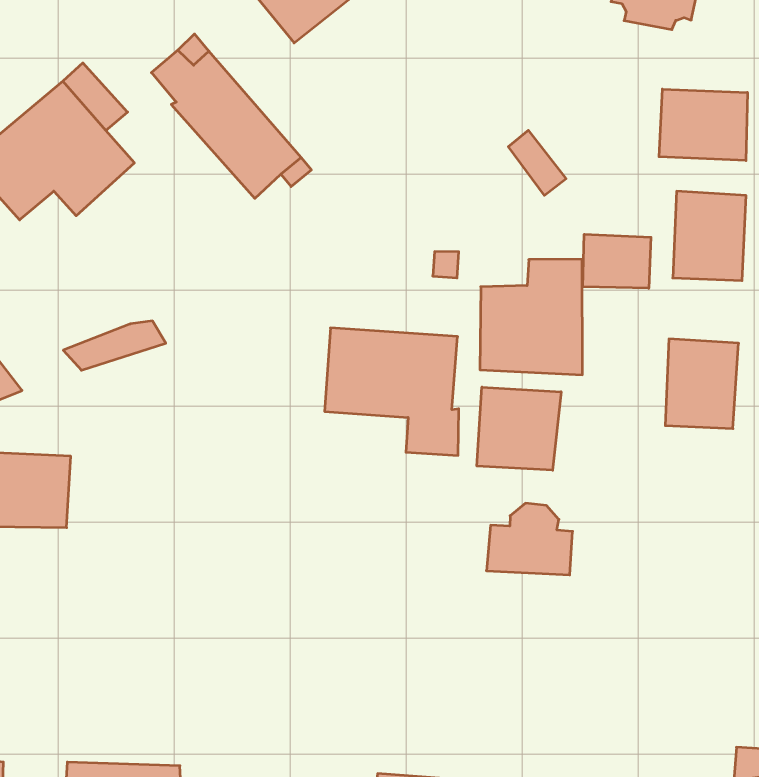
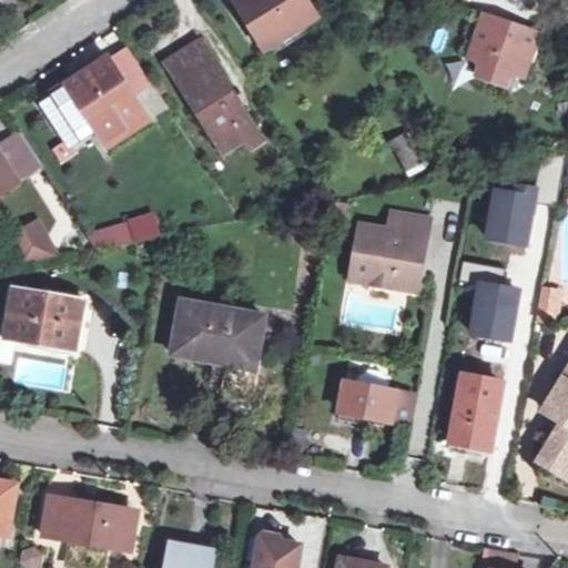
building: [659,89,747,161] -> none
building: [583,234,651,288] -> none
building: [325,328,459,455] -> [172,298,264,392]
building: [477,387,561,470] -> none
building: none -> [449,371,503,452]

